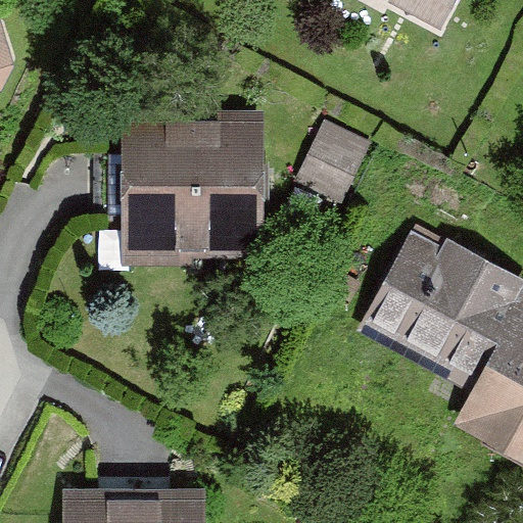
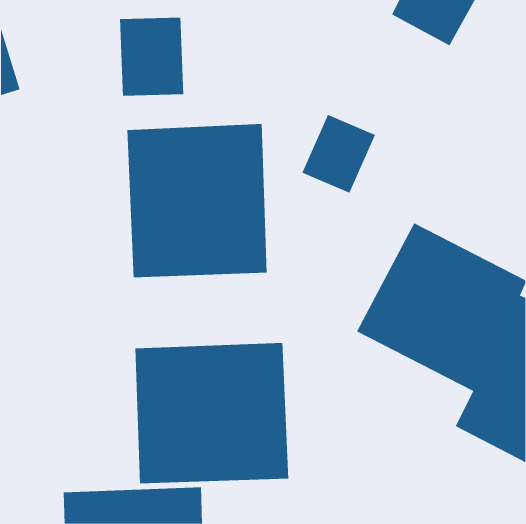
building: none -> [120,17,184,96]
building: none -> [135,342,289,484]

